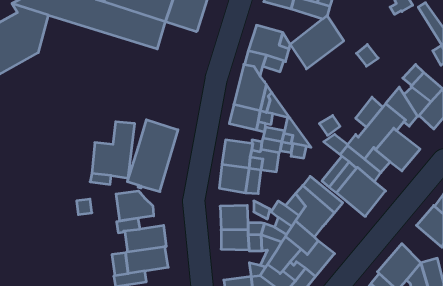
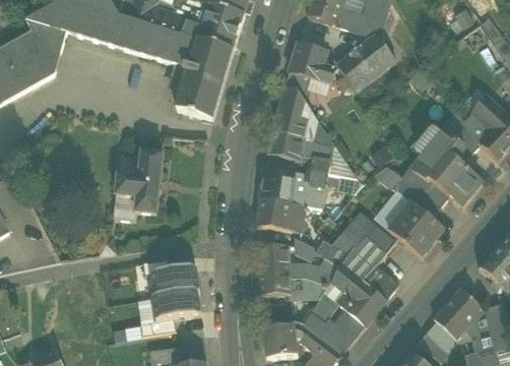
building: [127,120,178,192] -> [176,39,233,119]
building: [116,191,154,221] -> none
building: none -> [364,264,398,298]

